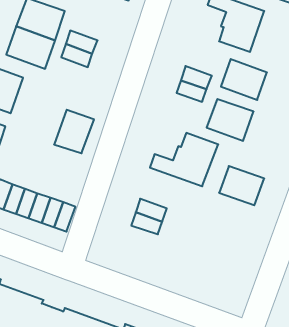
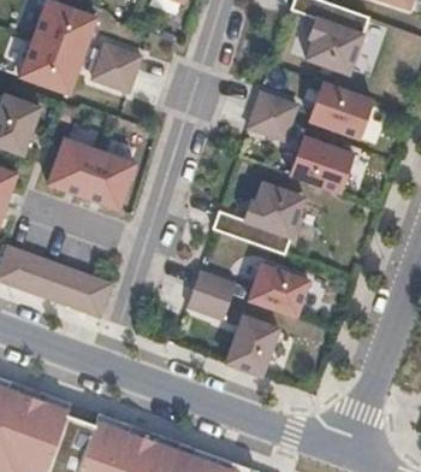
building: none -> [48,138,100,197]
building: [219,166,264,205] -> [248,264,309,317]
building: none -> [226,314,279,374]

